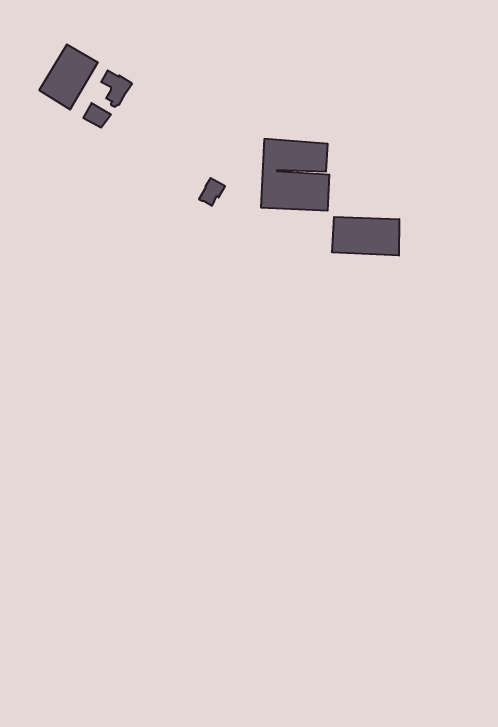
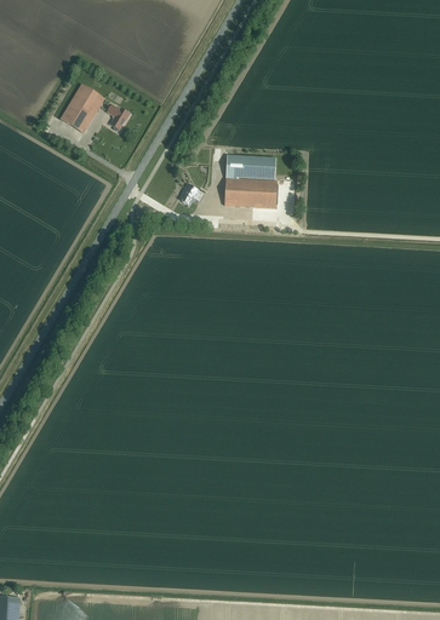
building: [332,217,399,256] -> none

